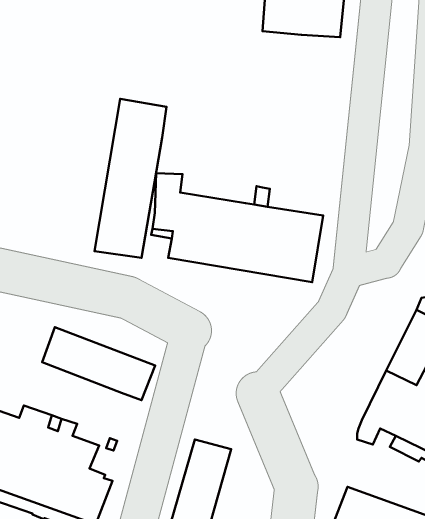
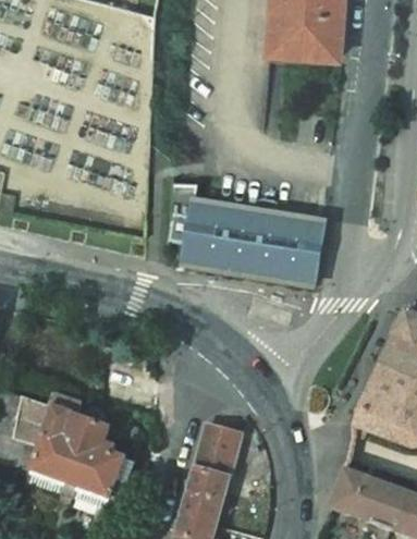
building: [94,99,166,258] -> none
building: [42,327,155,400] -> none

